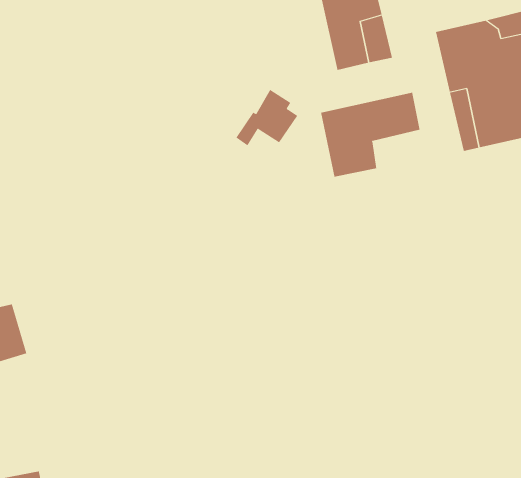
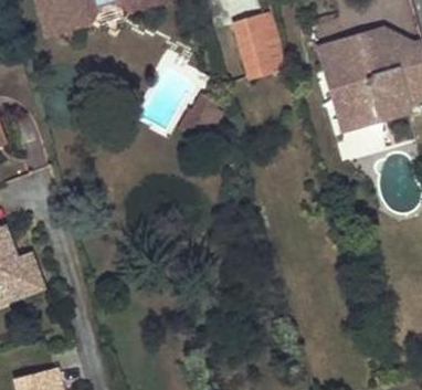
building: [321,92,420,177] -> none

